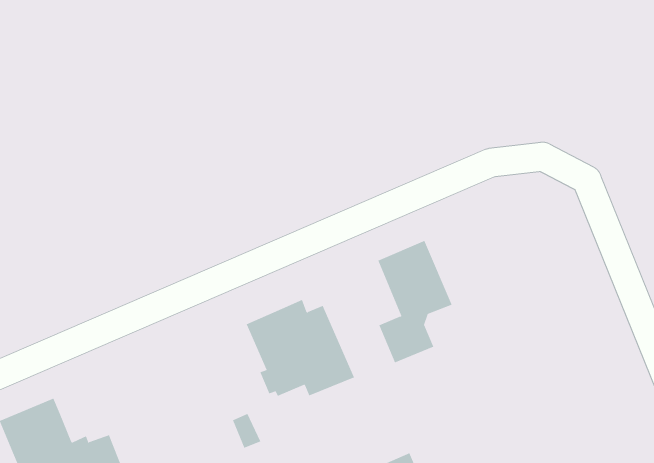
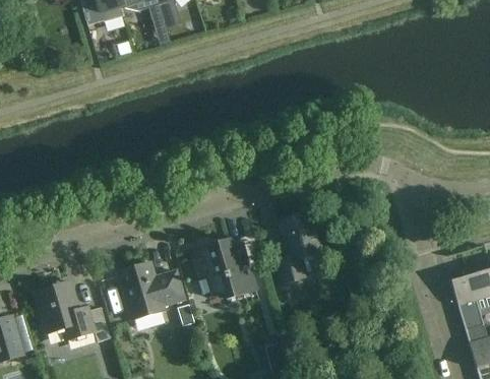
building: none -> [117,260,185,318]

